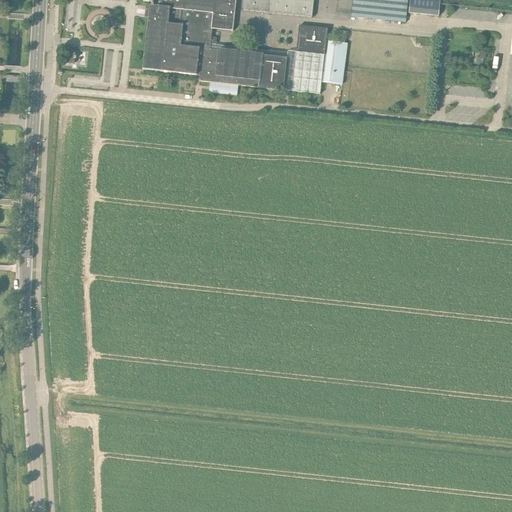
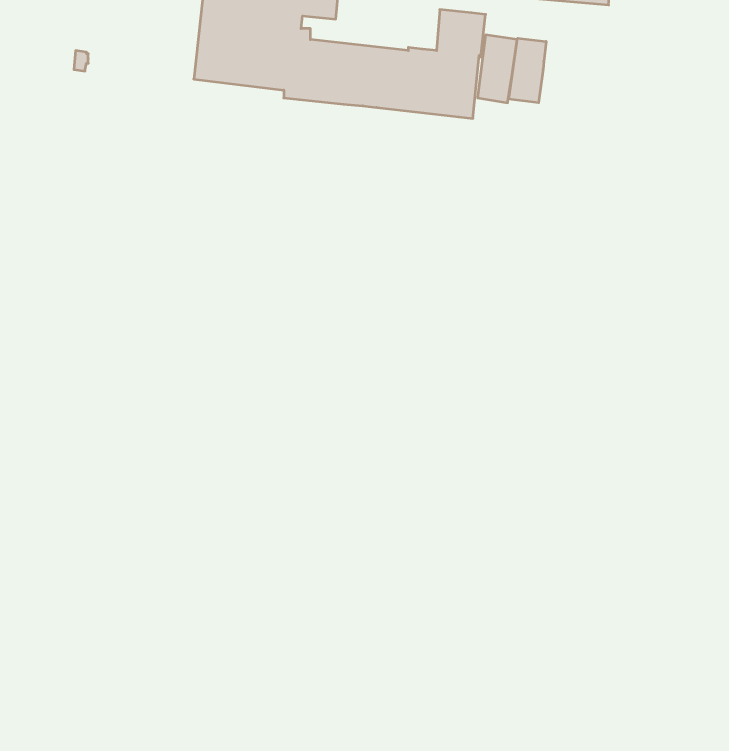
building: none -> [509,38,546,103]

